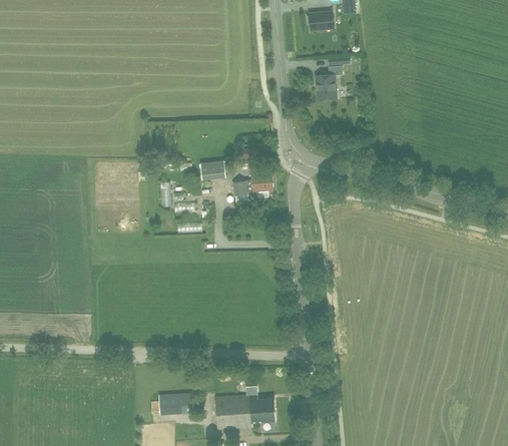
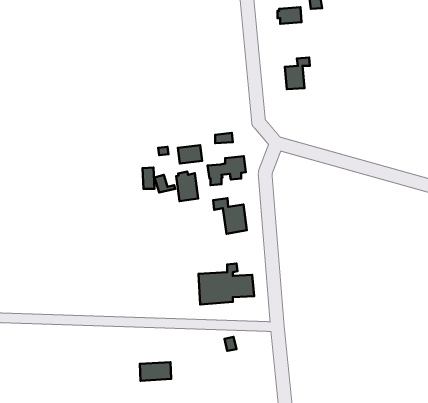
building: none -> [176,171,198,201]
building: none -> [213,198,247,234]
building: [214,385,275,429] -> [198,264,254,305]

